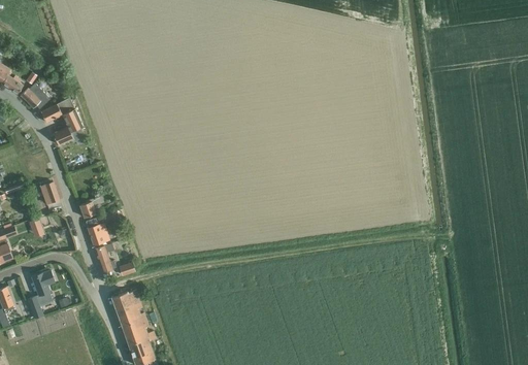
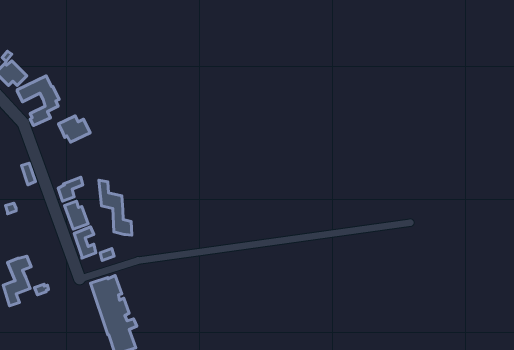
building: none -> [58,116,90,142]
building: none -> [99,180,132,235]

